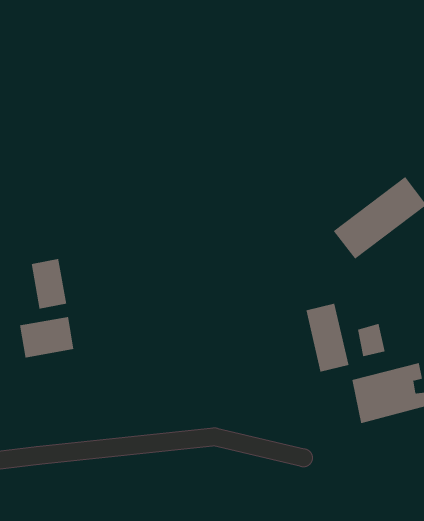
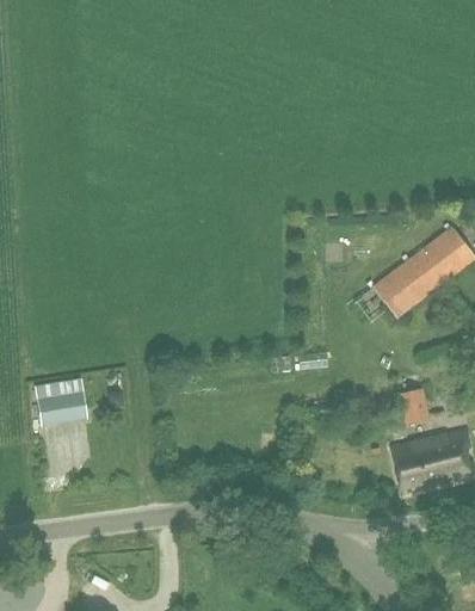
building: [31,258,67,309] -> none
building: [306,303,349,373] -> none

